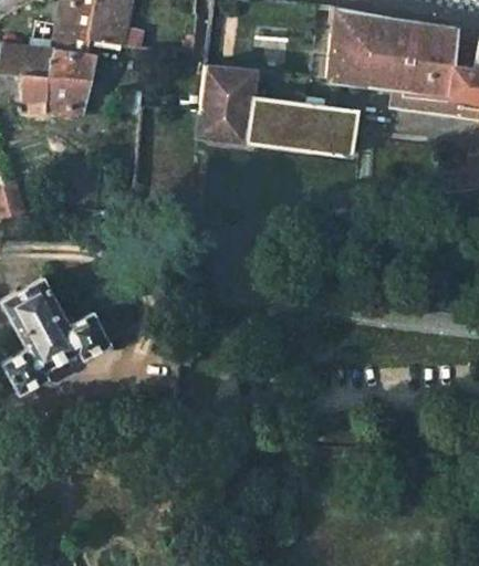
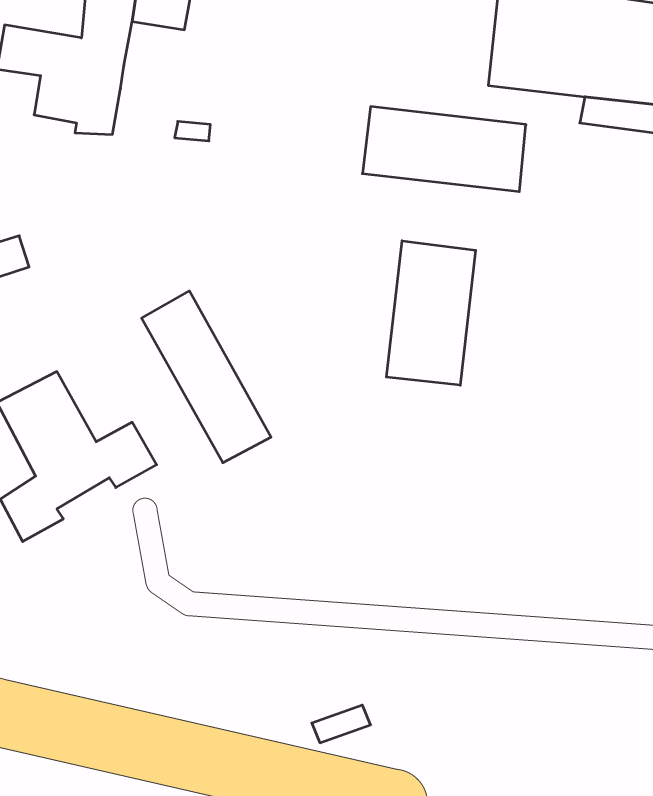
building: [198,66,254,143] -> none
building: none -> [386,241,476,385]
building: none -> [142,291,271,463]

